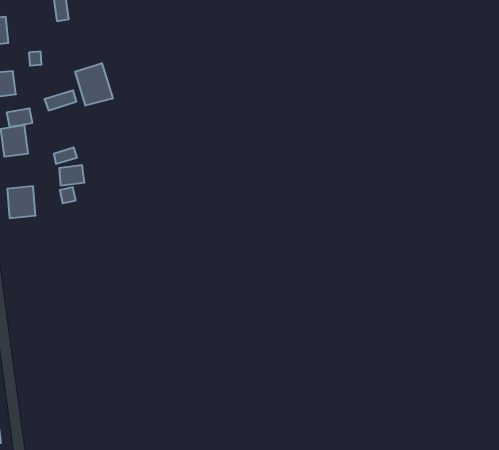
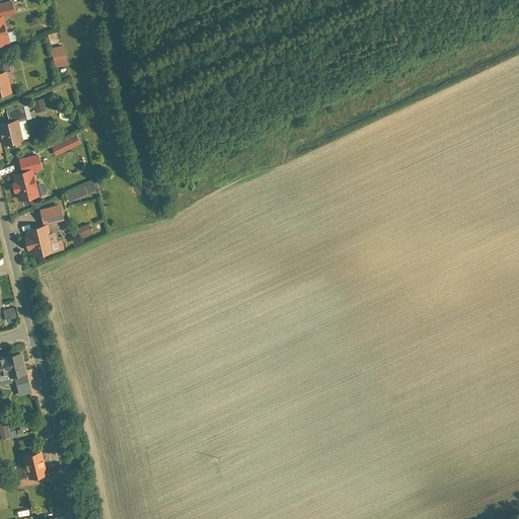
building: [75,63,113,106] -> none
building: [59,165,85,185] -> [40,205,65,226]

